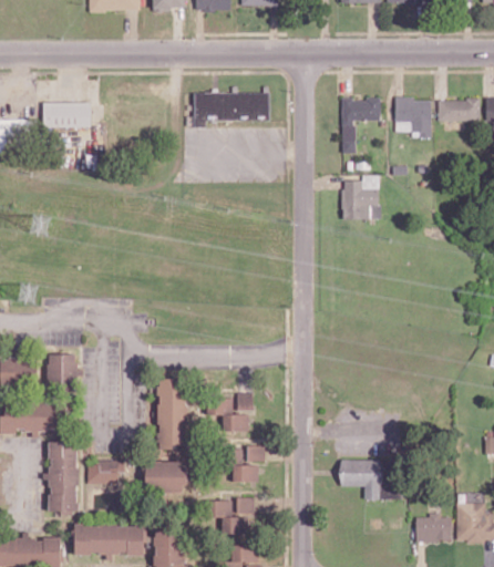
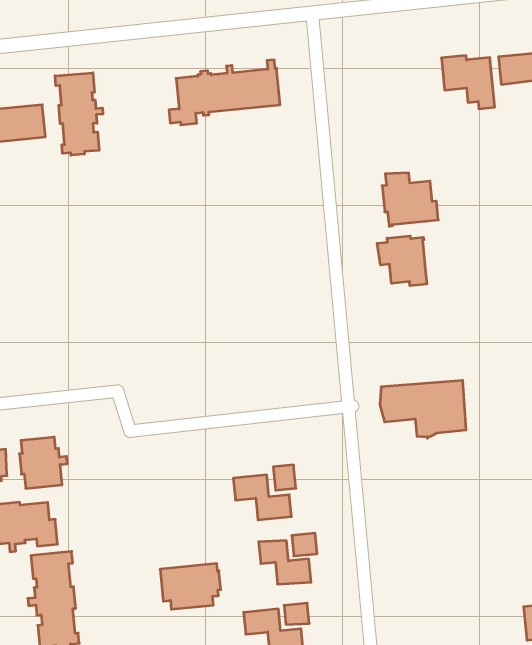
building: none -> [55,73,103,155]
building: [341,99,380,153] -> none
building: none -> [377,236,427,286]
building: [157,379,188,450] -> none
building: [339,460,403,502] -> [380,380,466,438]
building: [86,461,124,484] -> none

